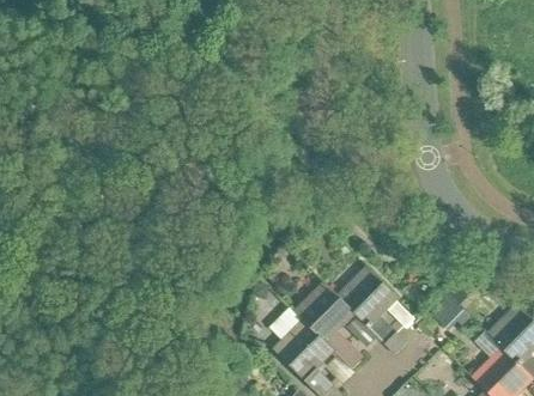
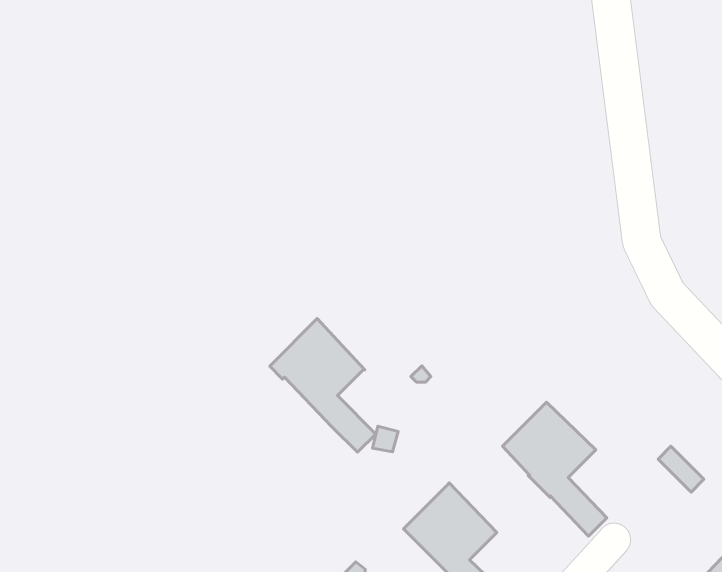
building: [293,280,363,367] -> [270,319,376,452]

